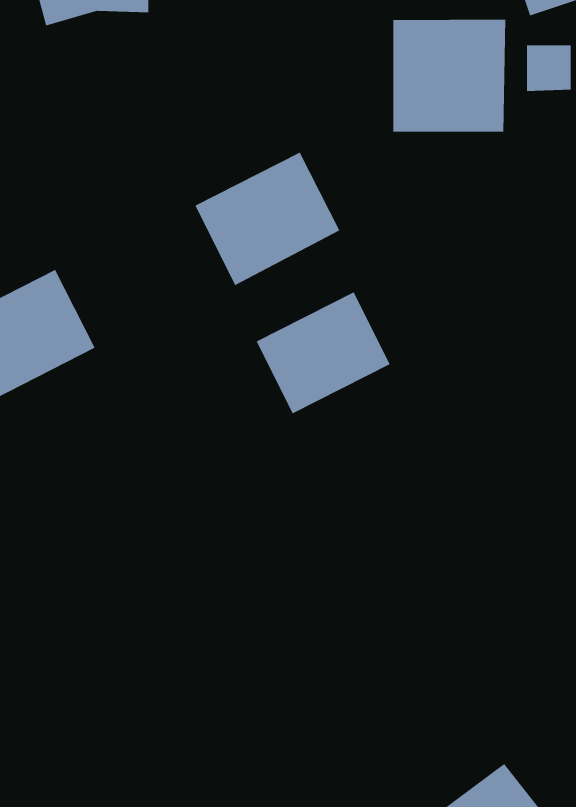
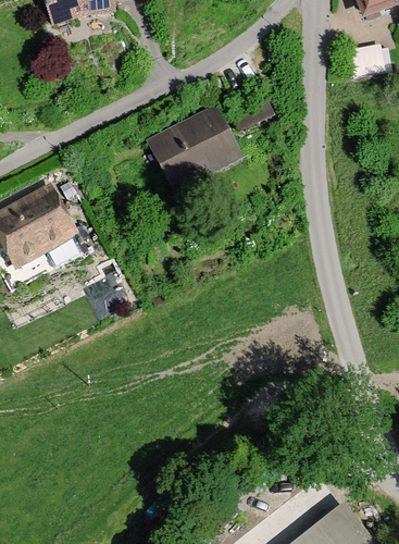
building: [393,19,506,132] -> none
building: [256,291,391,414] -> none

